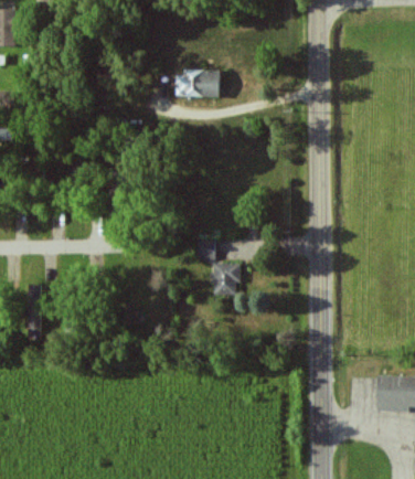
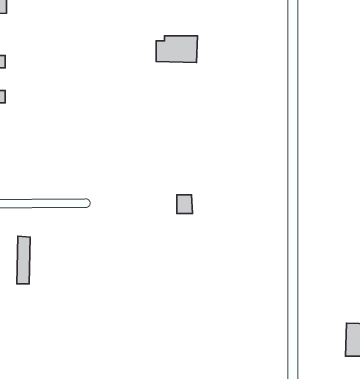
building: [211,263,240,297] -> none

